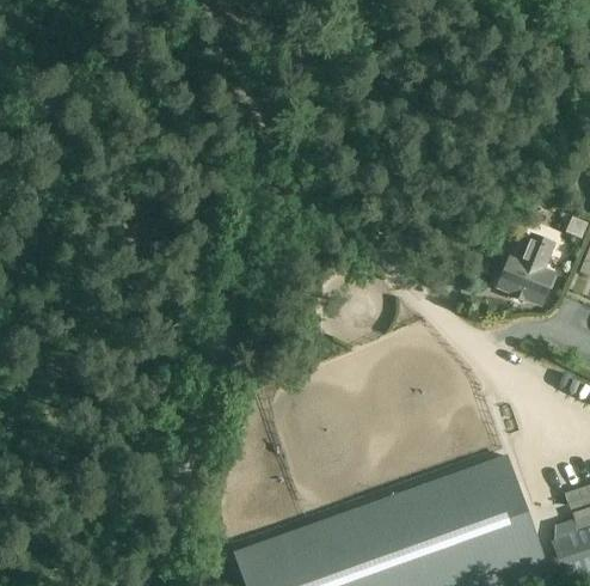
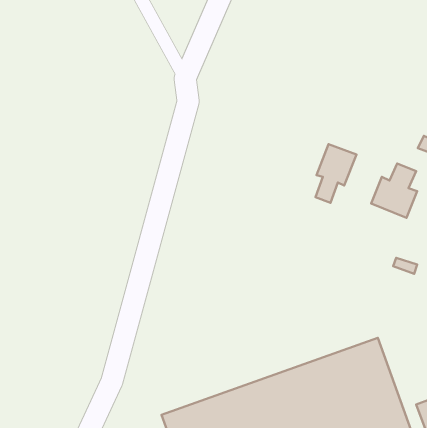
building: none -> [316,144,356,203]

